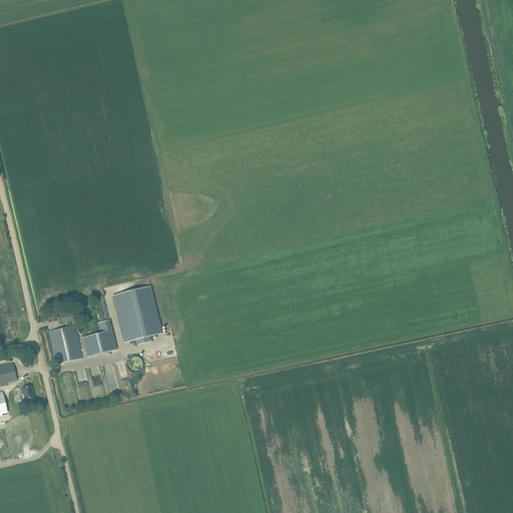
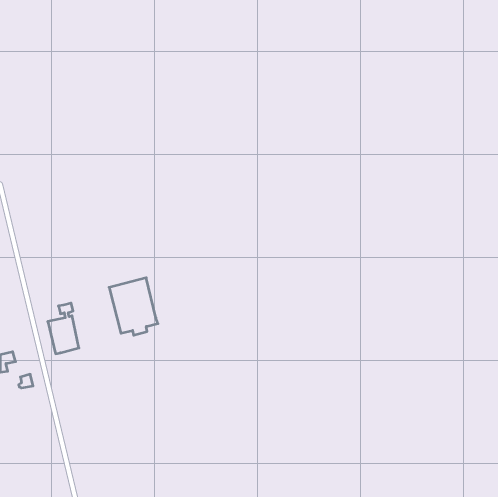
building: [80,320,117,356] -> none

